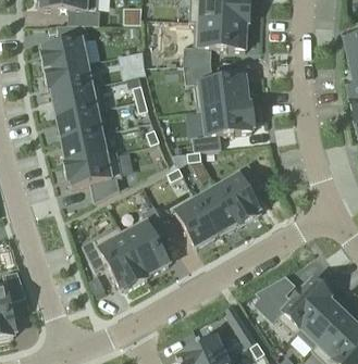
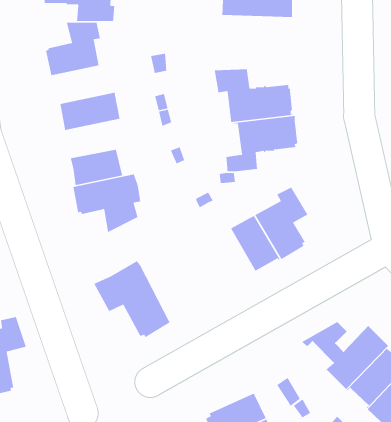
building: [183,18,249,64] -> none
building: [46,61,100,92] -> none
building: [58,105,104,138] -> none
building: [175,198,218,246] -> none
building: [122,204,169,275] -> none

